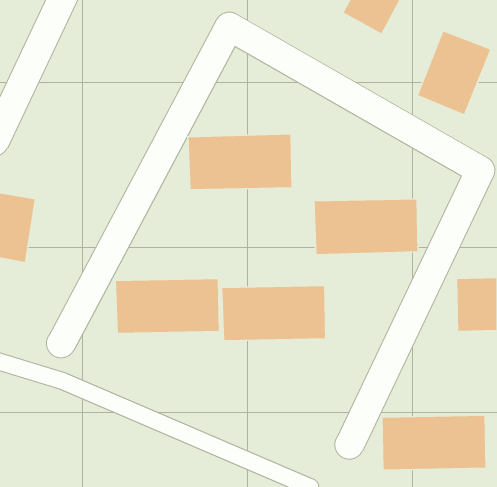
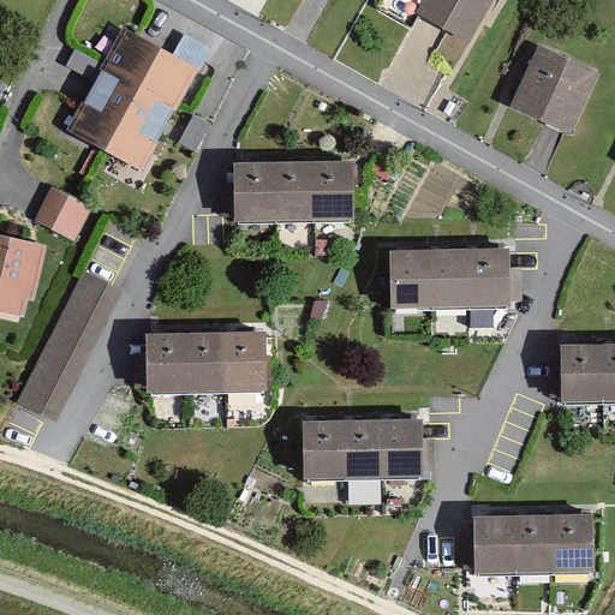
building: none -> [62,24,201,180]
building: none -> [30,180,91,243]
building: none -> [19,259,129,416]
building: [222,286,326,341] -> [299,420,426,488]

